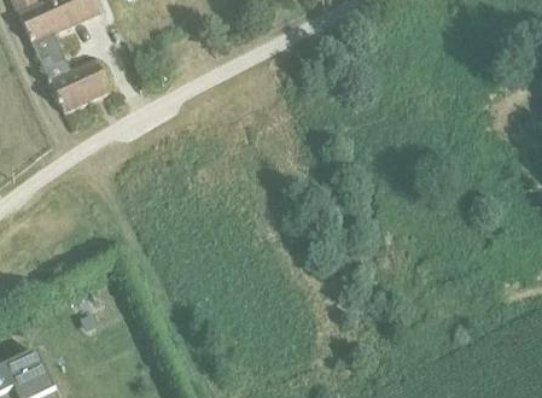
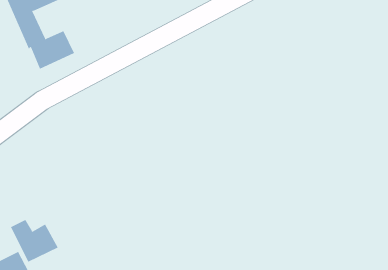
building: none -> [10,219,58,263]

